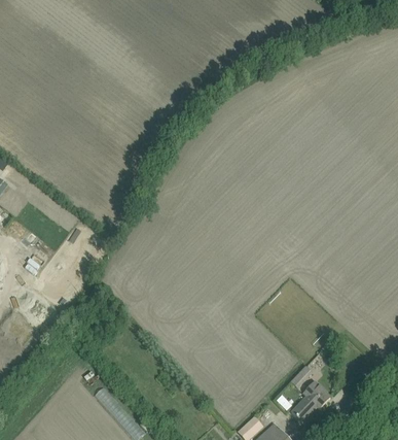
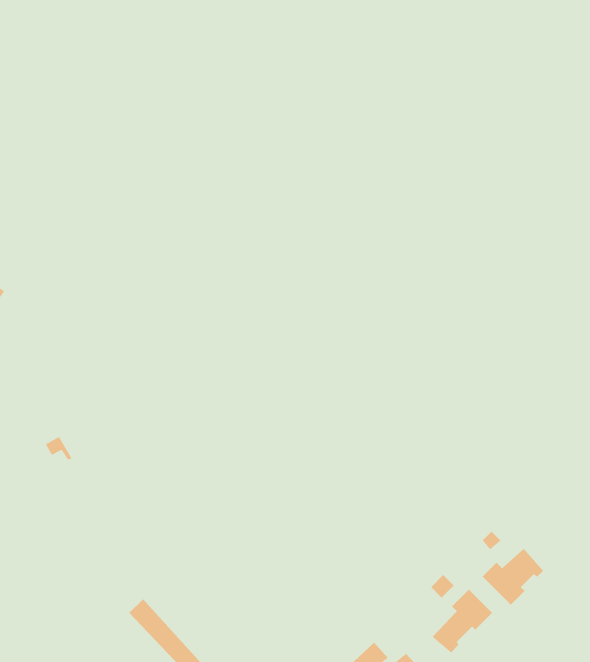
building: none -> [482,548,544,606]

